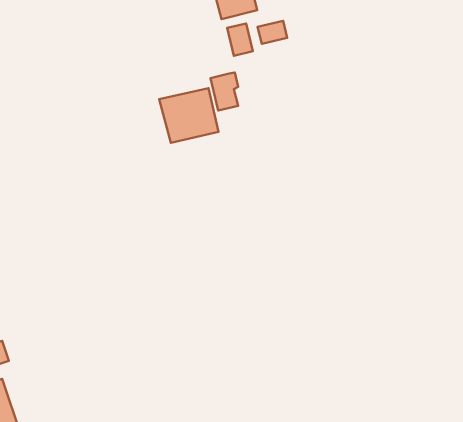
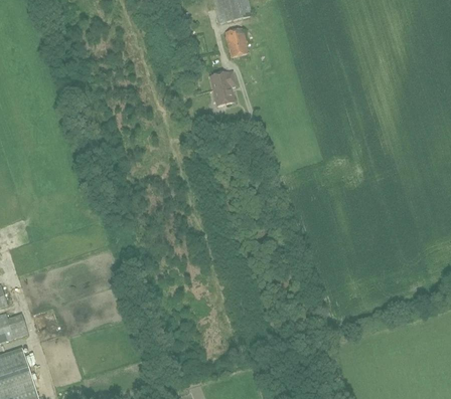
building: [258,21,287,44] -> none
building: [159,88,218,143] -> none

